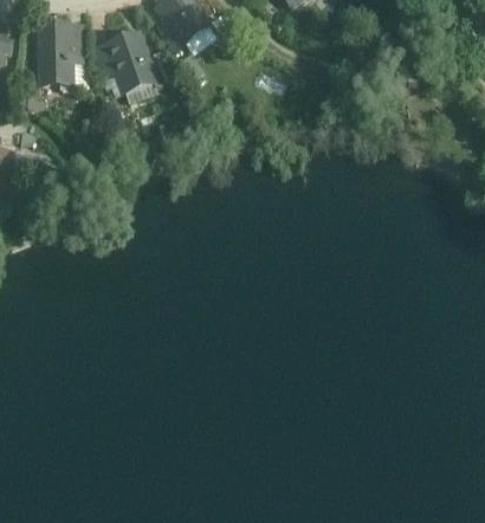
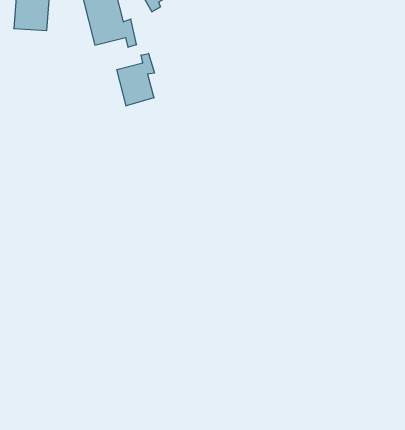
building: none -> [117,53,154,106]

